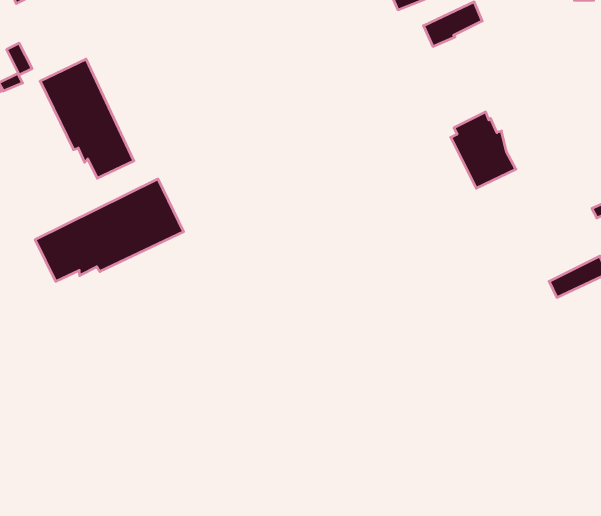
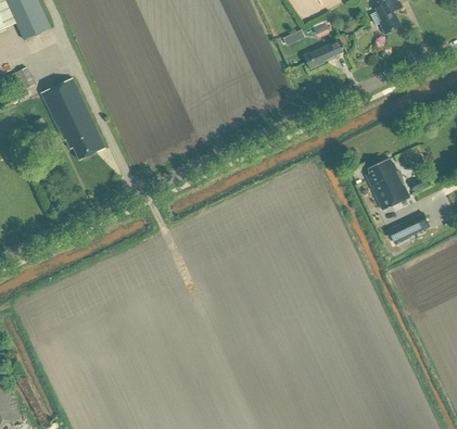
building: [451,112,516,188] -> [365,156,409,209]
building: [35,179,184,281] -> none

